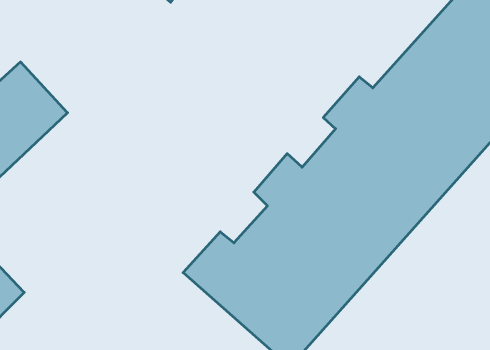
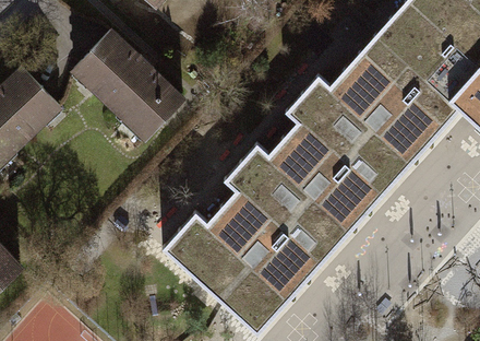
building: none -> [70,28,188,142]

